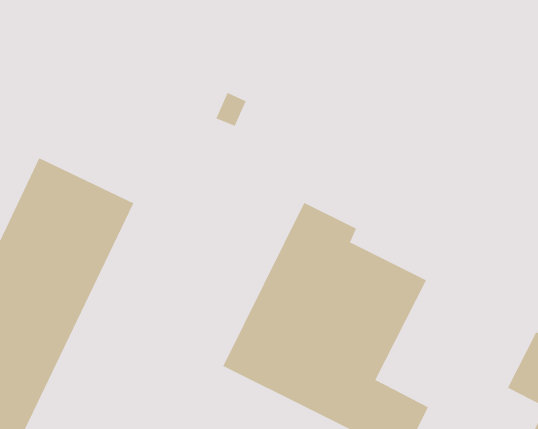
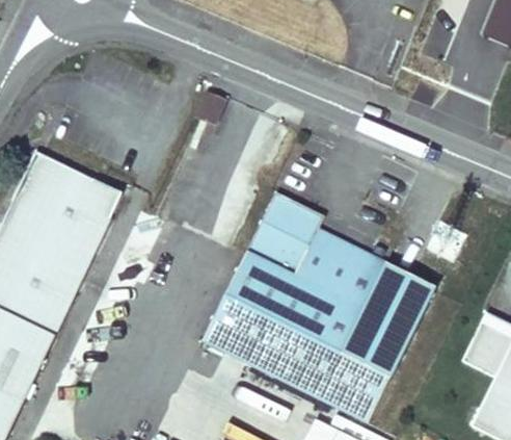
building: none -> [342,263,435,379]

